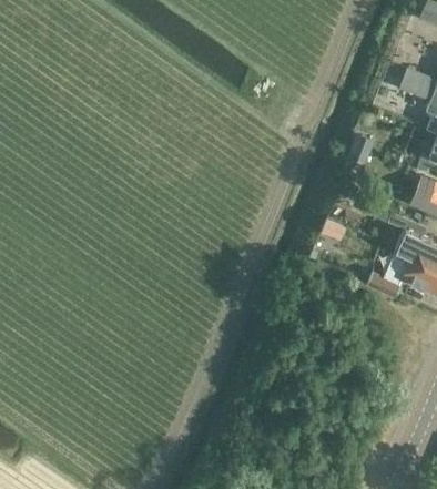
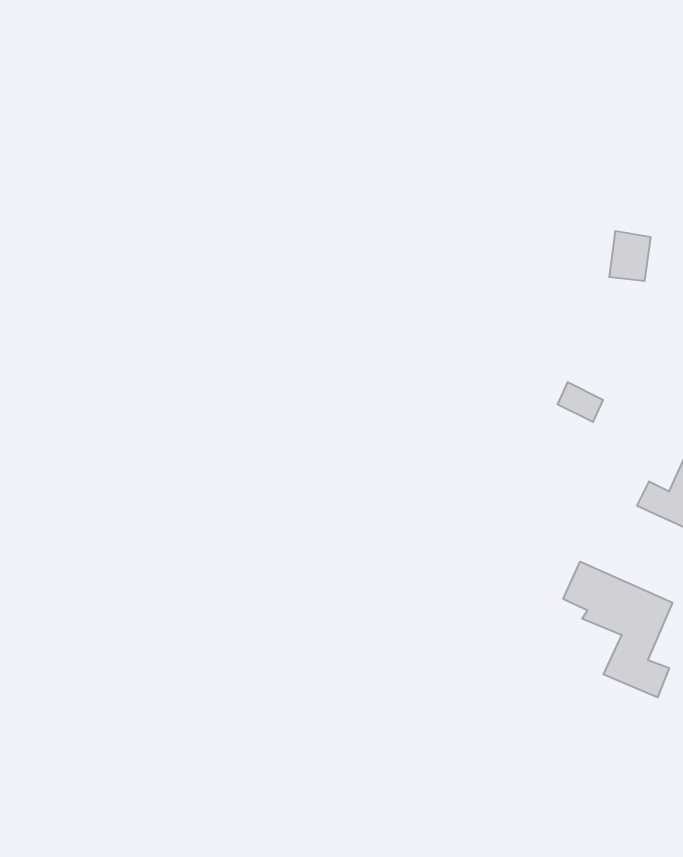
building: none -> [563,562,672,697]

